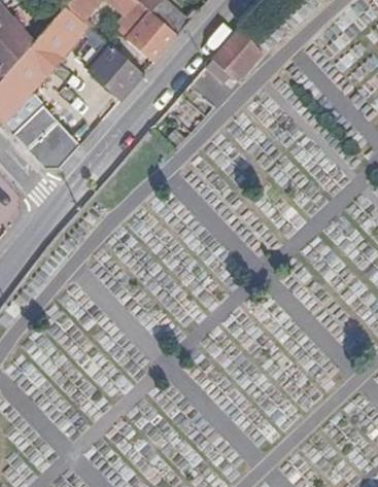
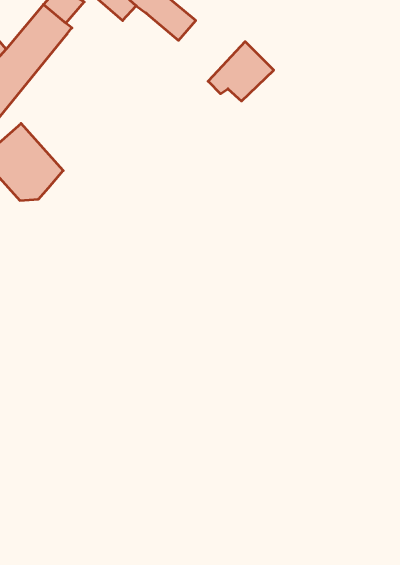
building: [127,13,176,61] -> none
building: [83,26,142,99] -> none

